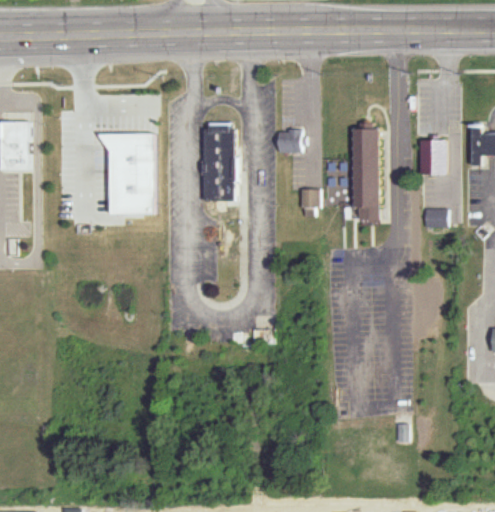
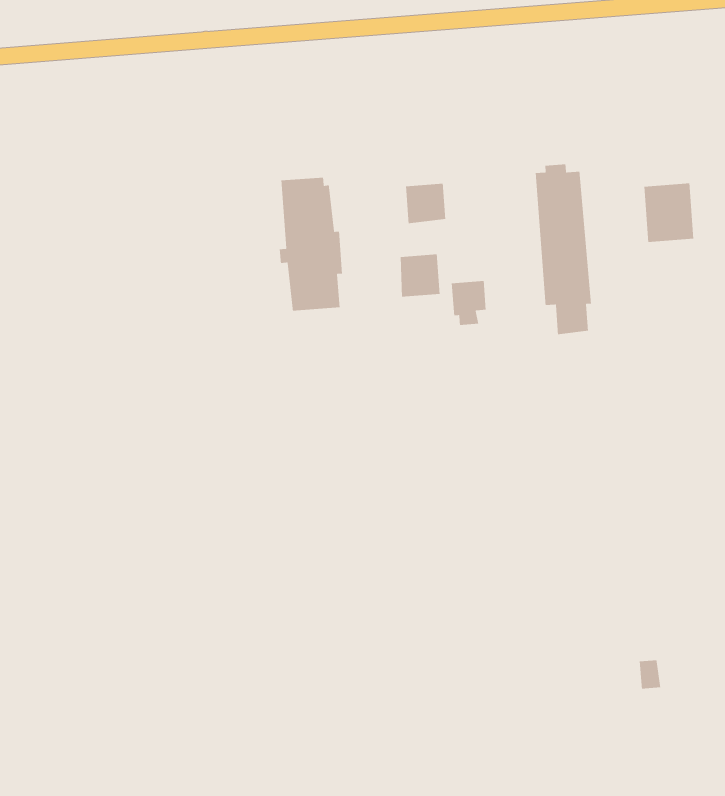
building: [99,132,153,211] -> none
building: none -> [400,254,441,297]
building: [423,209,445,227] -> none

